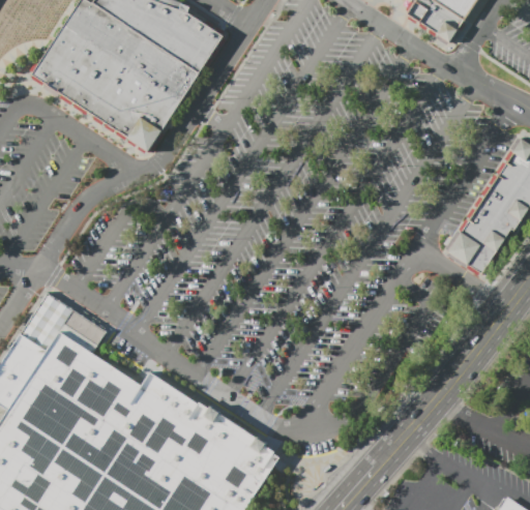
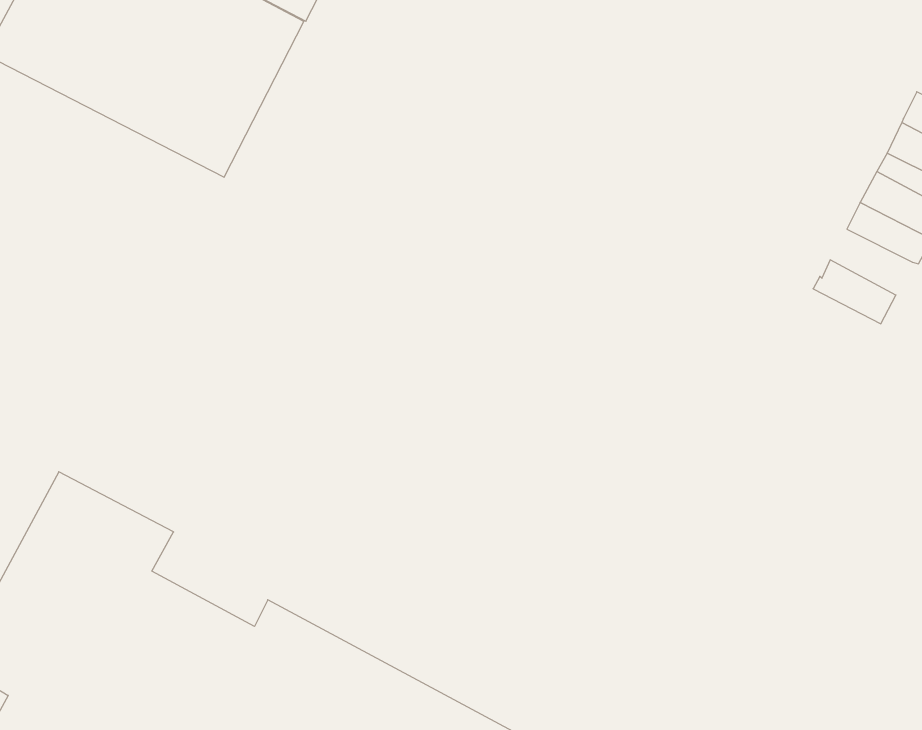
building: [467,206,510,243] -> none
building: [448,236,491,271] -> none

